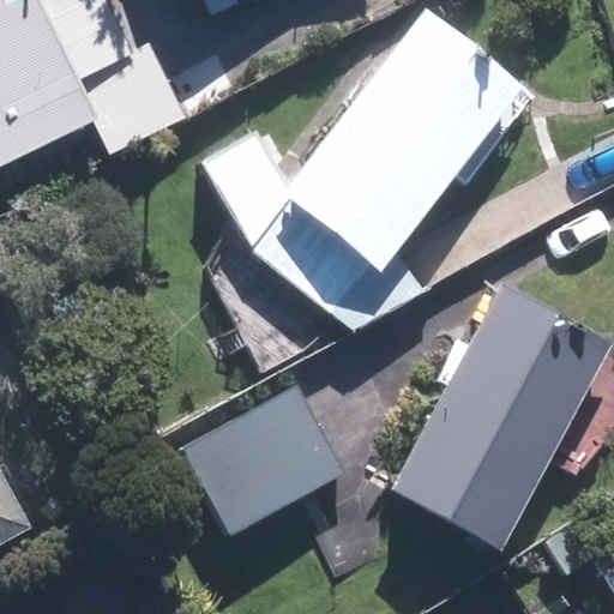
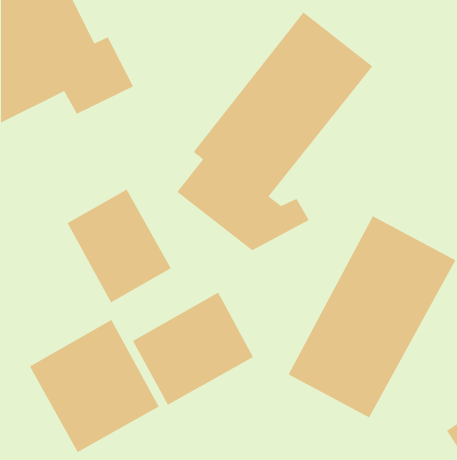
building: none -> [67,189,171,303]
building: none -> [29,319,159,453]

